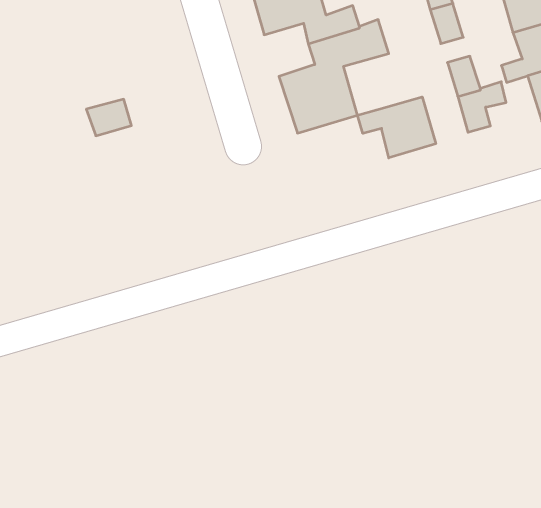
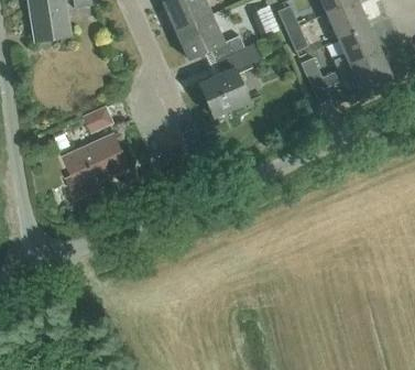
building: [358,97,436,158] -> none
building: none -> [64,135,129,202]

